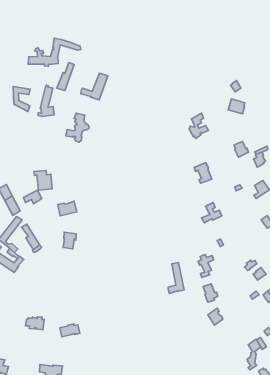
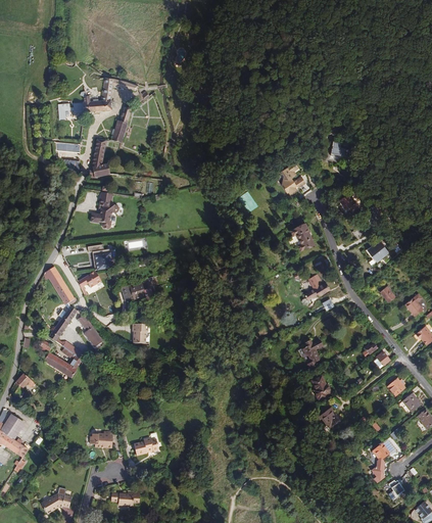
building: [81,73,108,100] -> none
building: [66,113,89,142] -> [91,191,119,228]
building: [168,262,184,294] -> none

